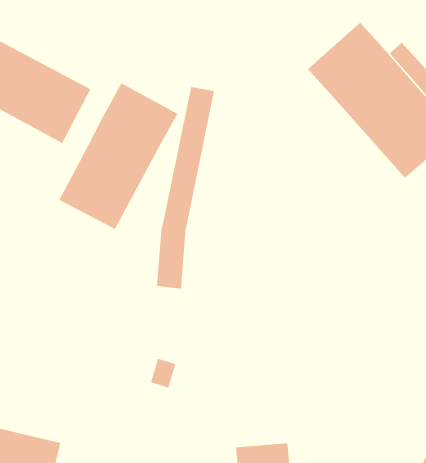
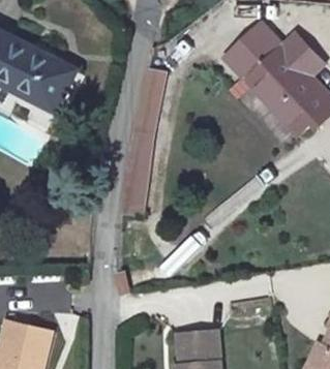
building: [58,83,178,230] -> none

